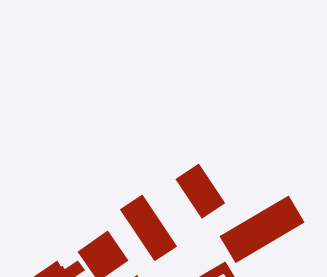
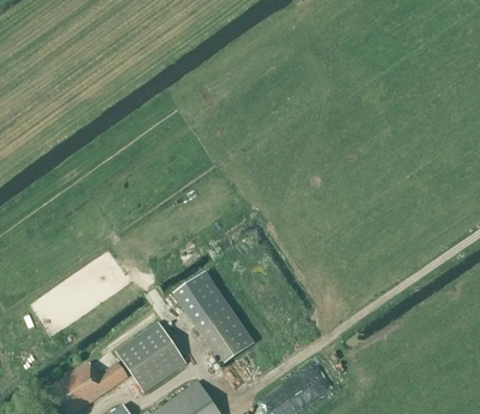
building: [175,162,226,220] -> none
building: [219,194,306,264] -> none

